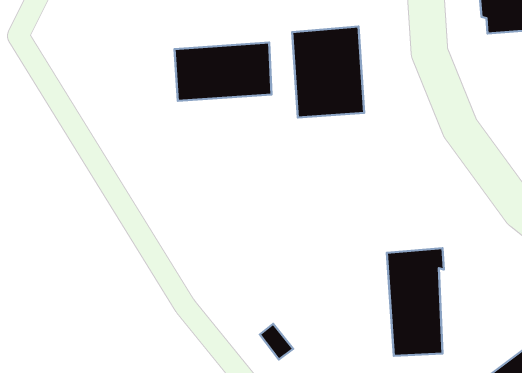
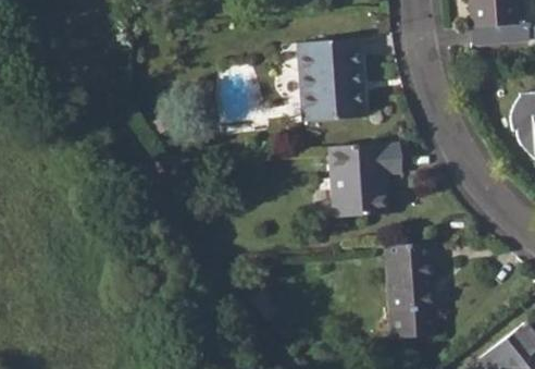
building: [174,42,271,101] -> none
building: none -> [331,144,400,218]

